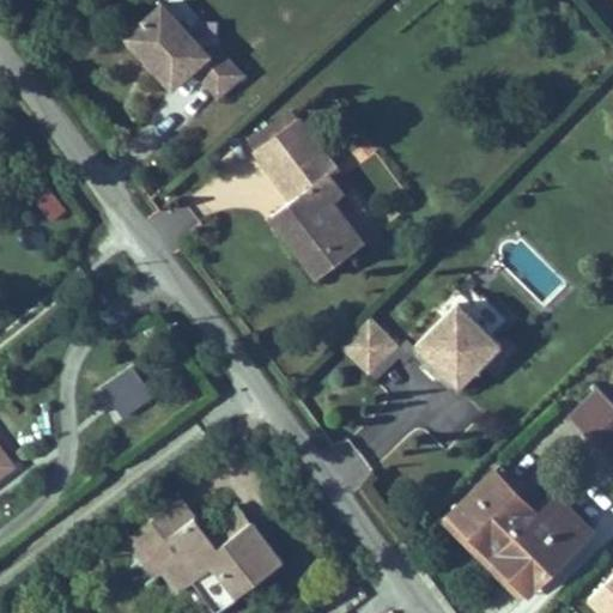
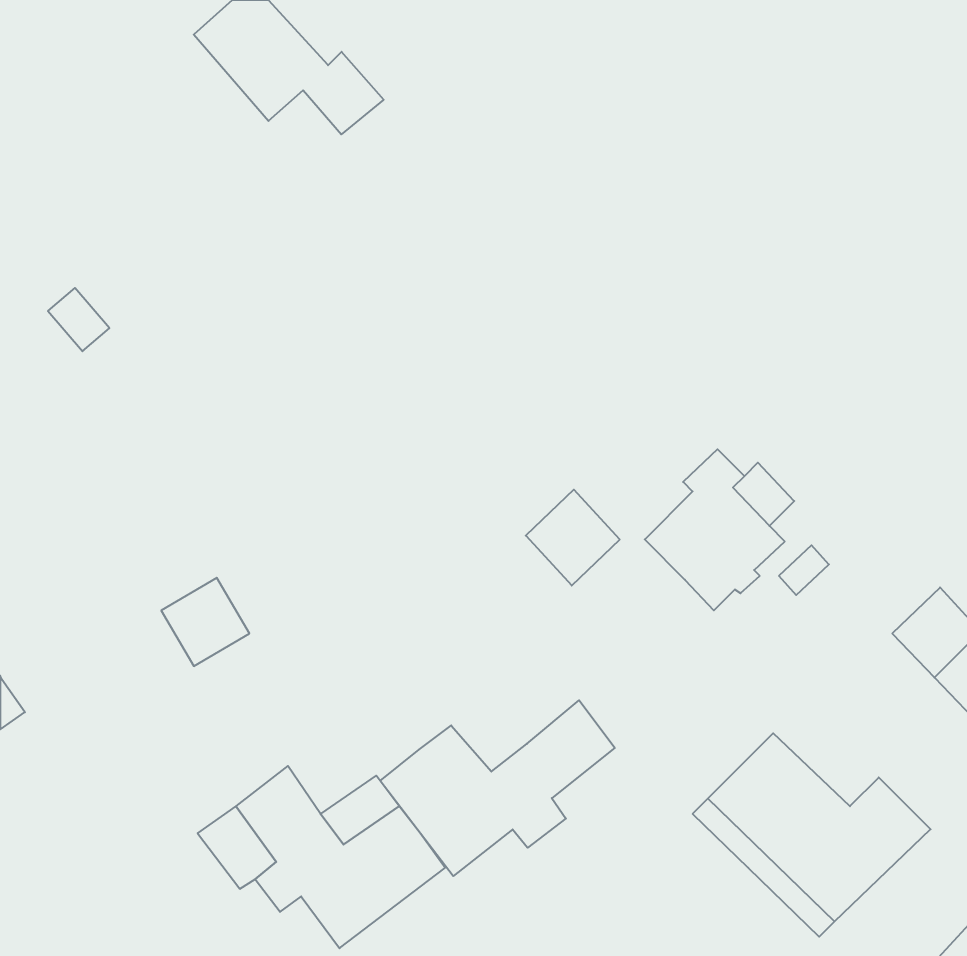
building: [251,115,364,279] -> none
building: none -> [380,700,615,876]

